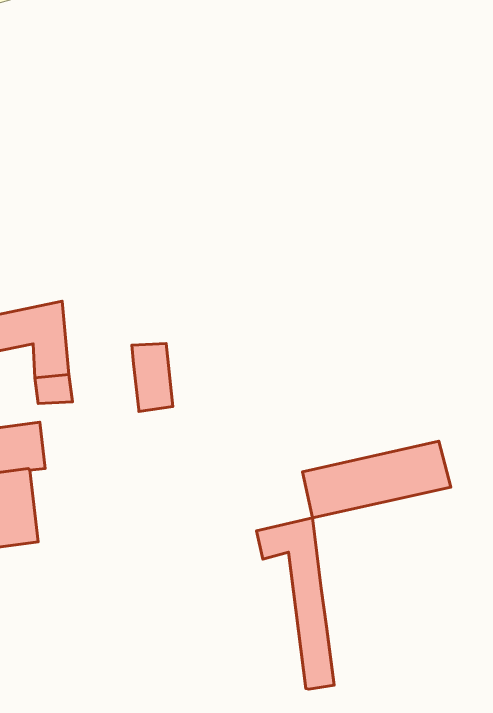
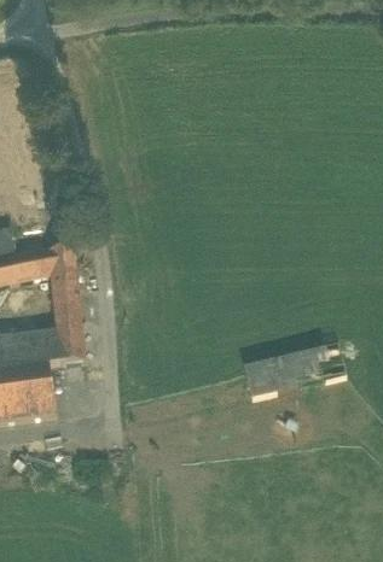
building: [132,343,173,412] -> [56,315,85,363]
building: [257,518,334,689] -> none

